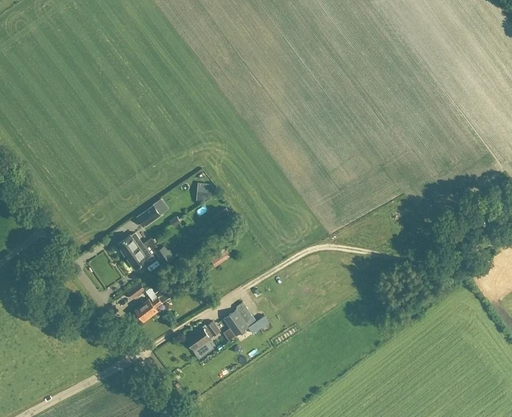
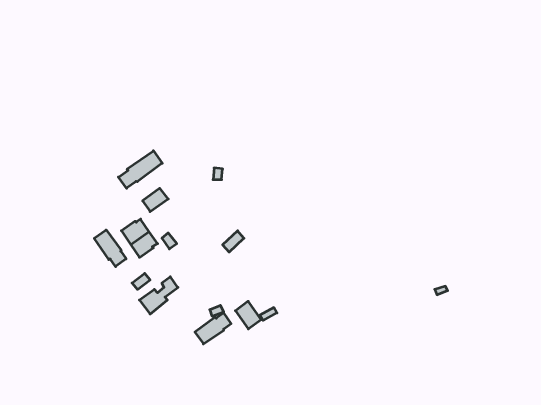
building: none -> [118,151,162,188]
building: none -> [94,230,126,267]

